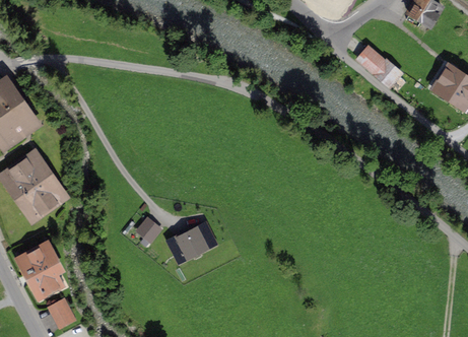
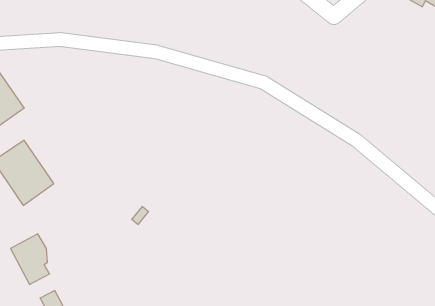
building: [359,47,400,84] -> none
building: [169,224,214,256] -> none

